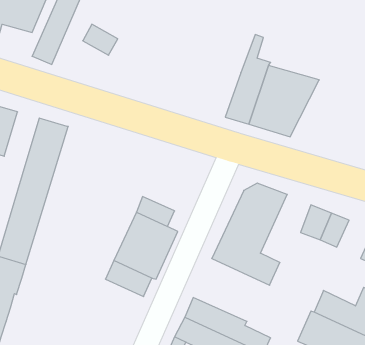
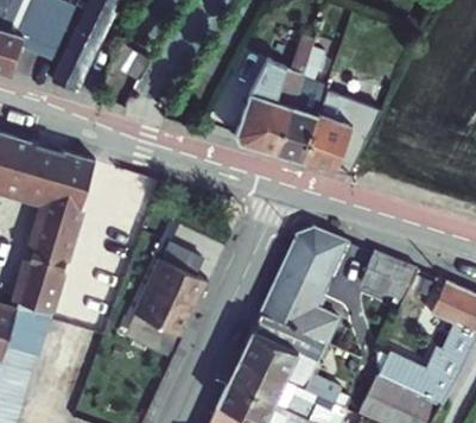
building: none -> [231,57,292,152]
building: none -> [20,146,61,204]
building: none -> [237,315,341,404]

